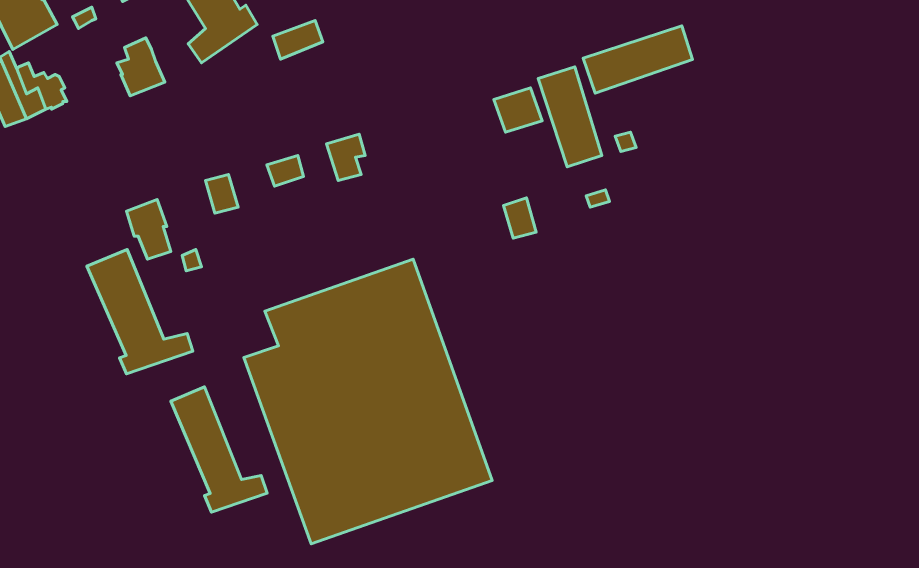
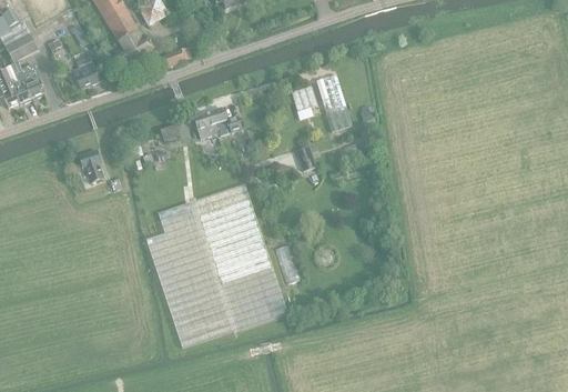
building: [583,26,692,93] -> none
building: none -> [210,108,241,134]
building: [87,249,193,374] -> none
building: [171,387,267,512] -> none

